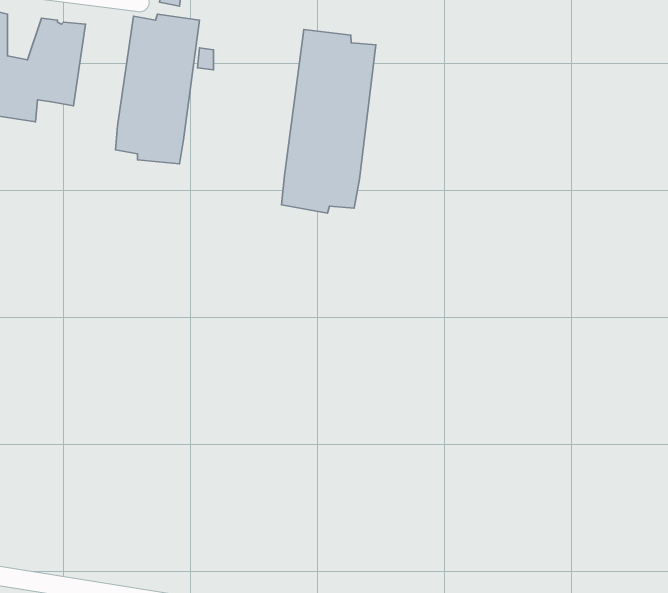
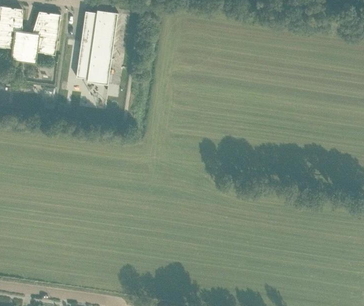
building: [281,30,376,213] -> none

